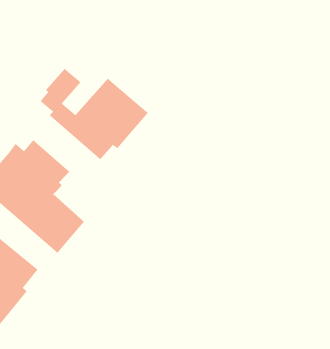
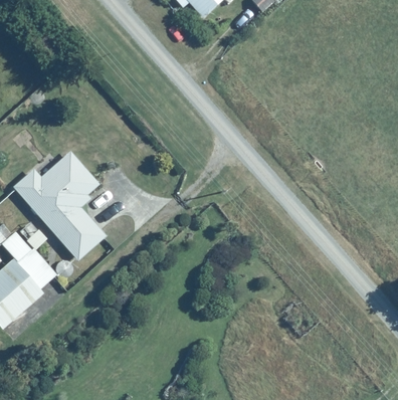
building: [40,68,149,160] -> none

